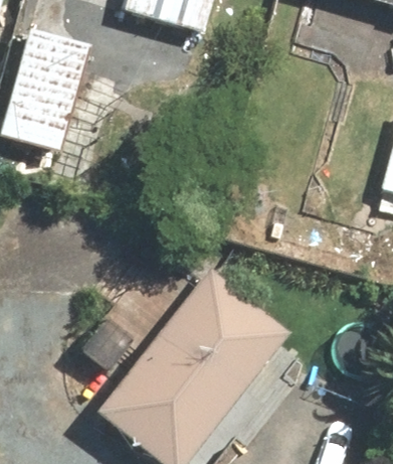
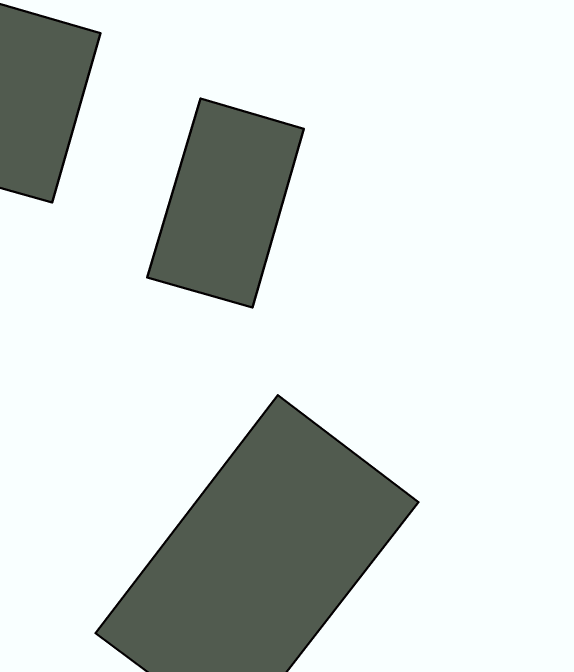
building: none -> [147,98,304,307]

